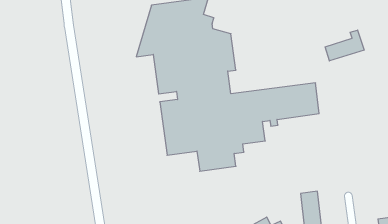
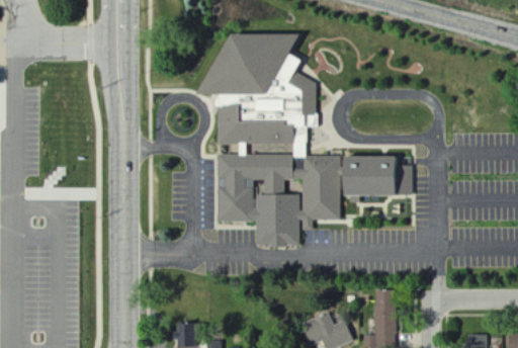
building: [325,30,364,61] -> none

